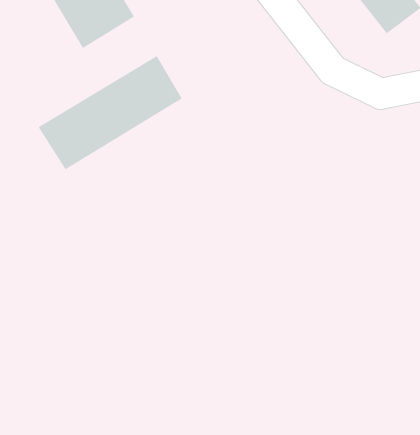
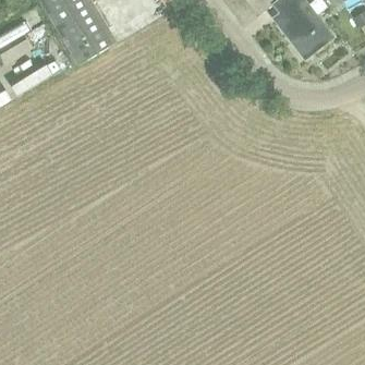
building: [38,55,183,170] -> none

